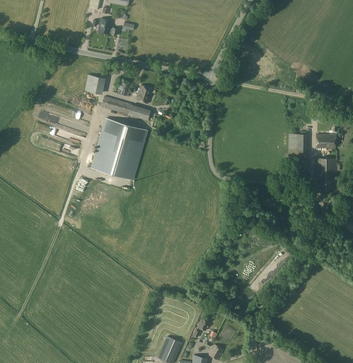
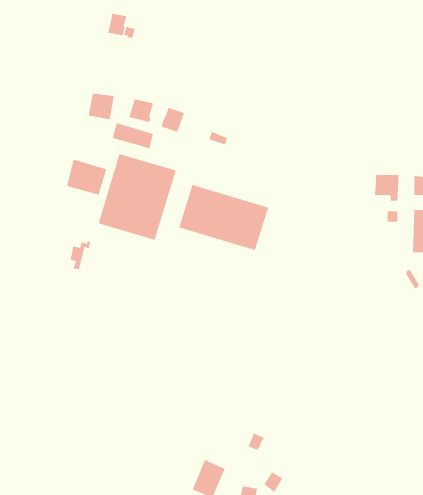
building: none -> [66,159,107,195]
building: none -> [179,184,269,251]

